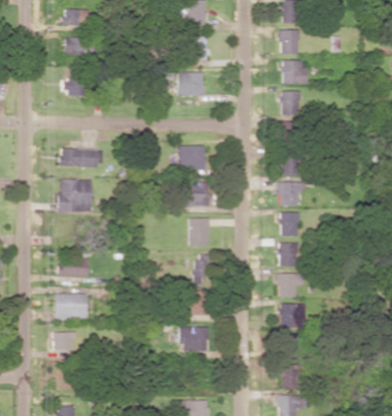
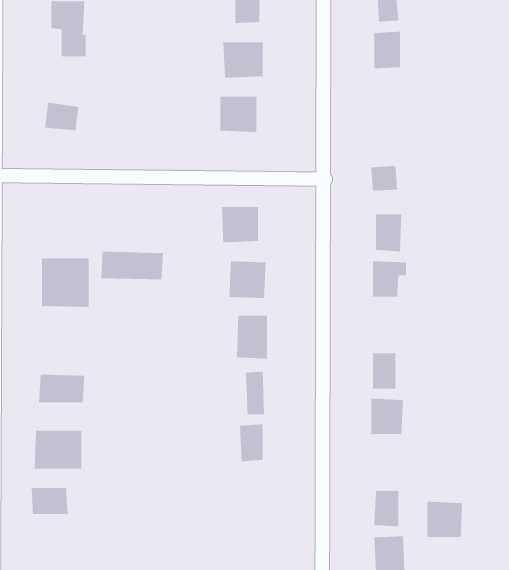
building: [283,59,307,84] -> none
building: [282,90,300,114] -> none
building: [60,148,102,167] -> [100,251,164,280]
building: [281,212,300,237] -> none
building: [281,303,305,327] -> [427,501,463,537]
building: [180,327,208,351] -> none

